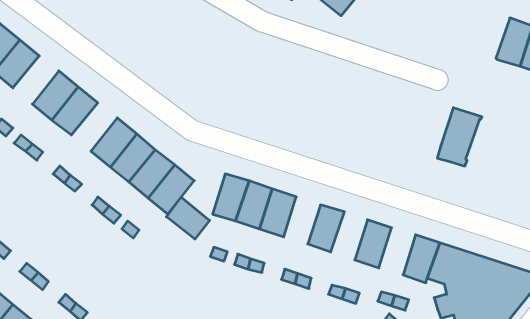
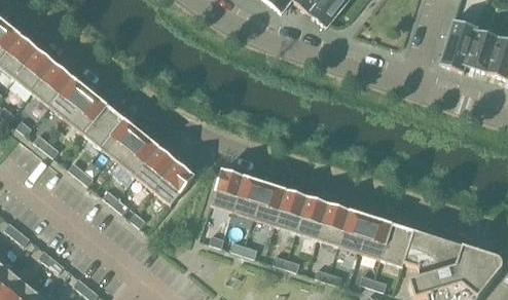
building: none -> [31,63,72,106]
building: none -> [83,105,124,148]
building: [437,108,482,166] -> [438,18,478,71]
building: none -> [274,189,306,231]
building: [166,197,210,239] -> none
building: none -> [316,202,349,246]
building: none -> [359,217,392,259]

